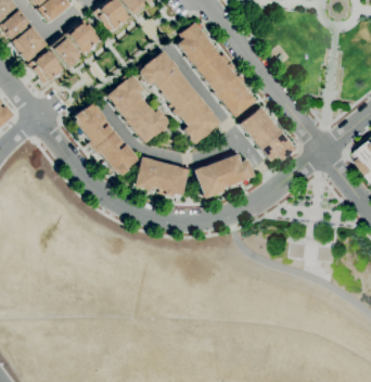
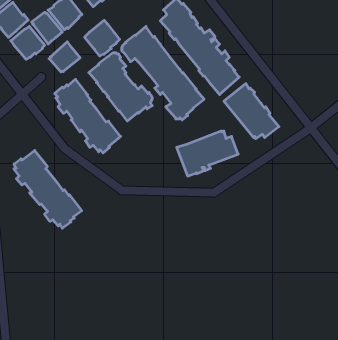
building: none -> [85,20,120,56]
building: none -> [49,42,80,72]
building: [133,156,187,196] -> none
building: none -> [14,150,82,228]

